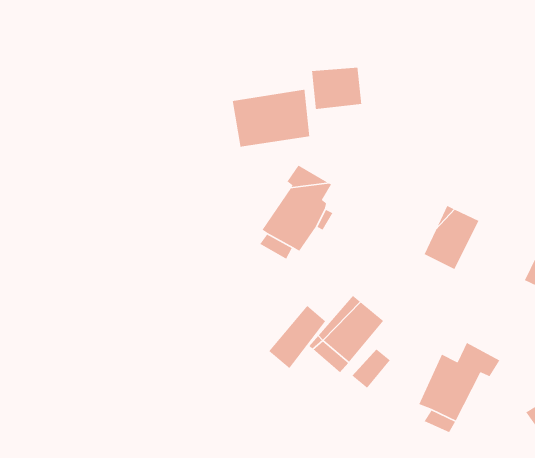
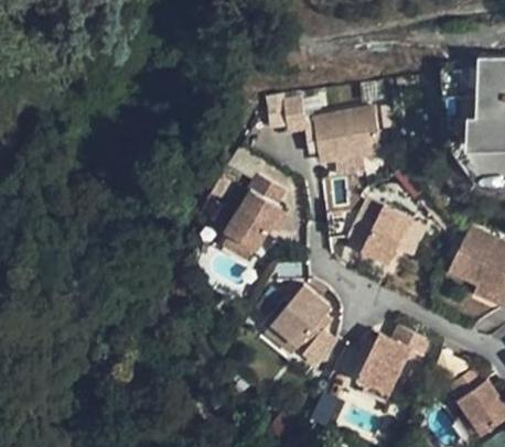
building: [232,89,310,147] -> [312,112,378,162]
building: [268,305,326,369] -> none

